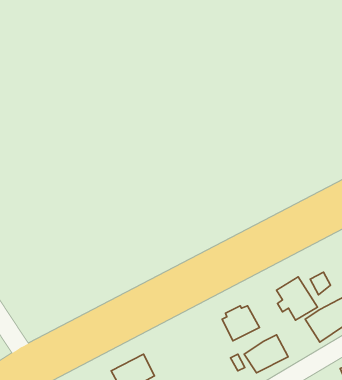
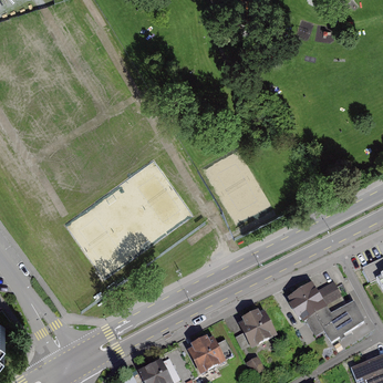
building: none -> [189,338,222,371]
building: [244,335,288,373] -> none

